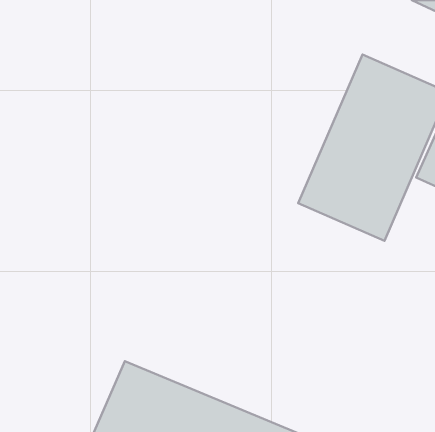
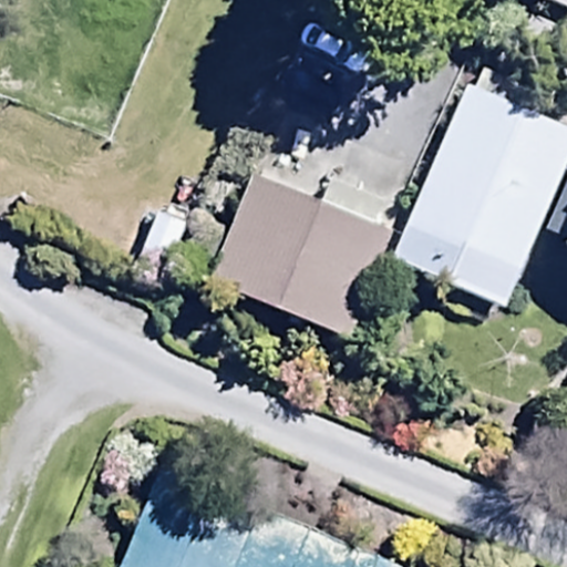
building: none -> [206,142,393,344]

